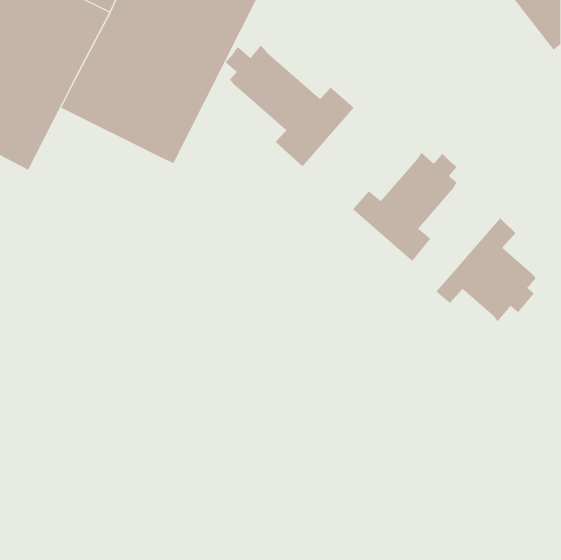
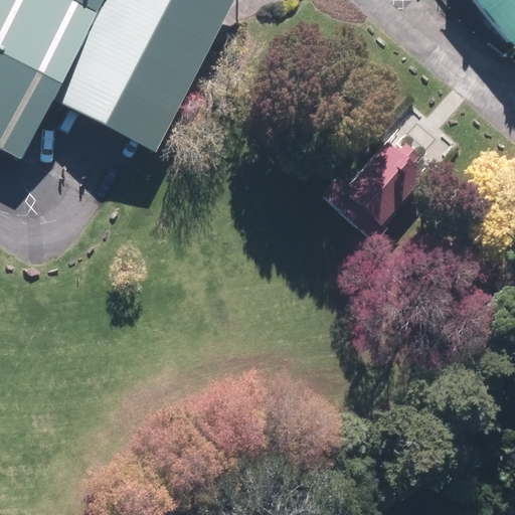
building: [225,45,355,167] -> none
building: [435,217,536,322] -> none

